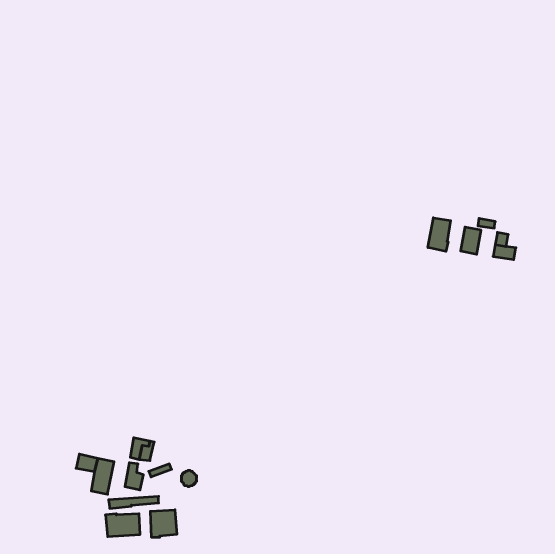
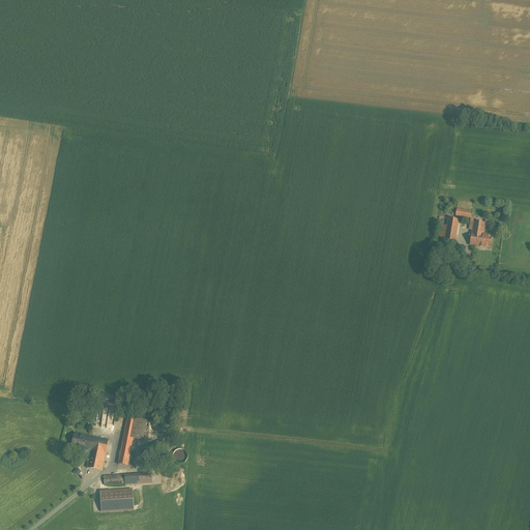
building: [428,218,451,251] -> none
building: [150,510,177,537] -> none

